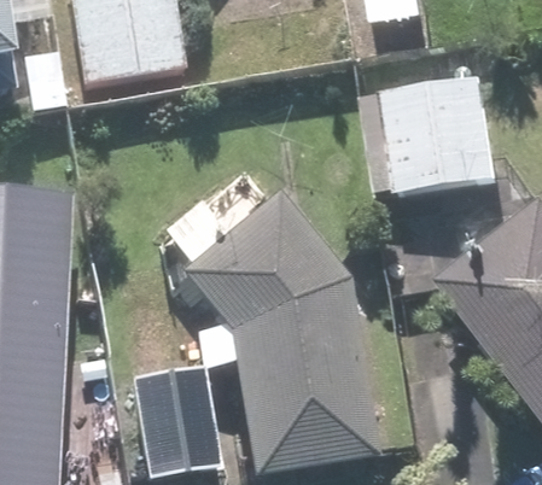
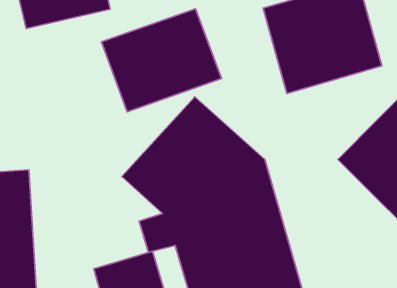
building: none -> [101,9,221,112]

